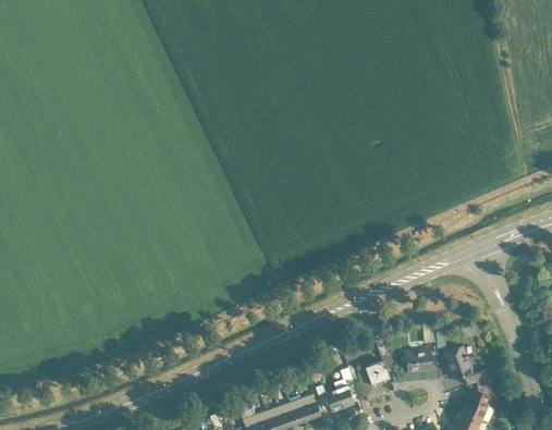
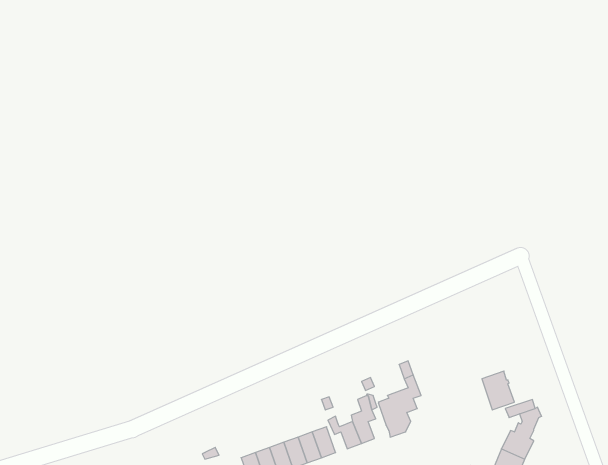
building: [405,345,432,371] -> none

